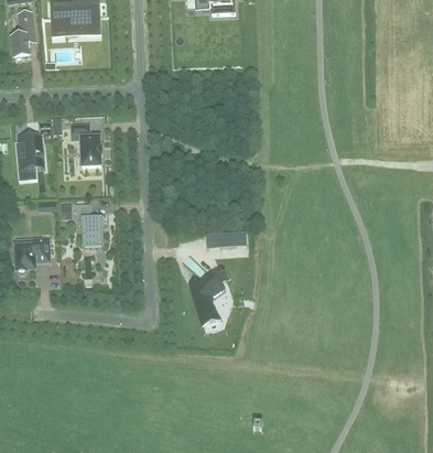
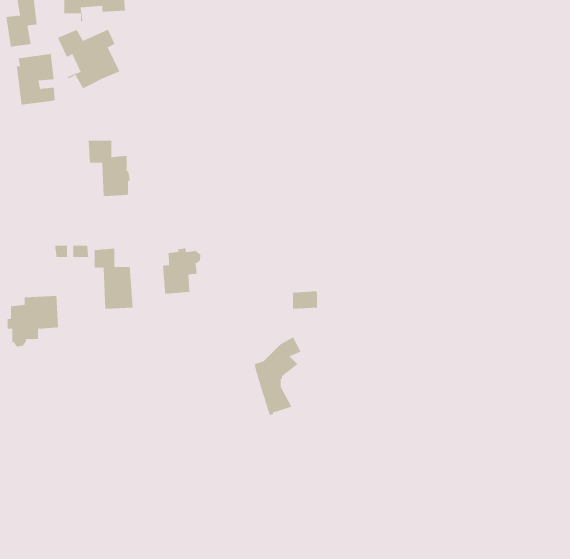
building: none -> [57,29,120,89]
building: [15,132,45,170] -> [15,54,56,105]
building: none -> [162,248,201,294]

